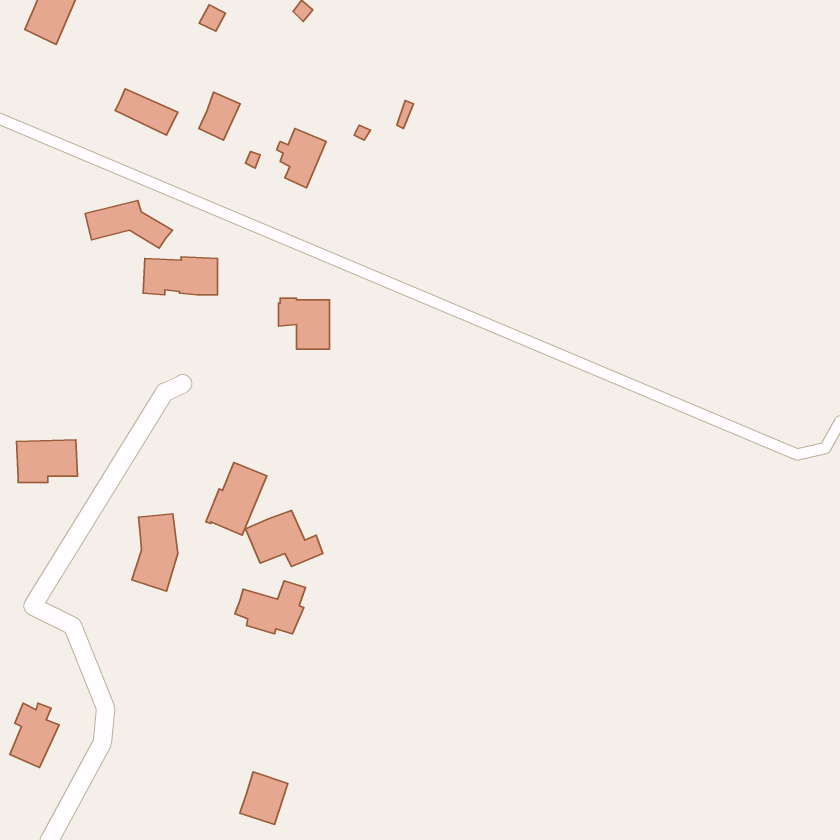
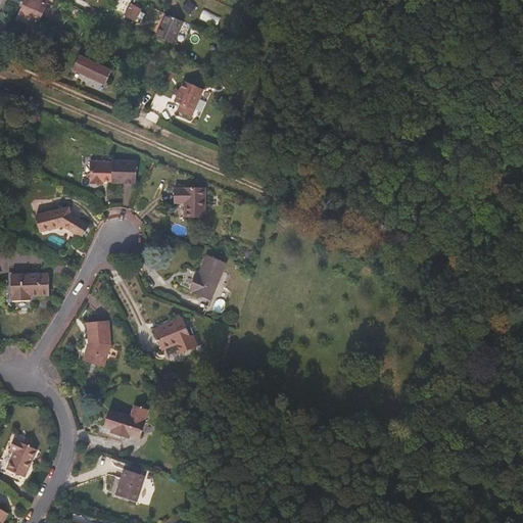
building: [199,92,240,140] -> [156,13,182,43]
building: [85,200,172,248] -> [35,206,89,236]
building: [206,463,267,535] -> [188,254,226,299]
building: [235,581,306,634] -> [103,405,147,437]
building: [240,772,288,825] -> [114,468,144,501]

